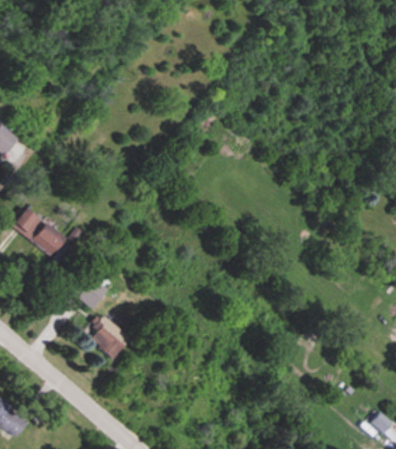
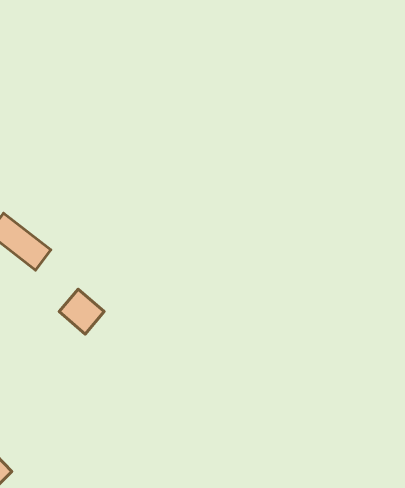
building: [85,315,129,358] -> none

